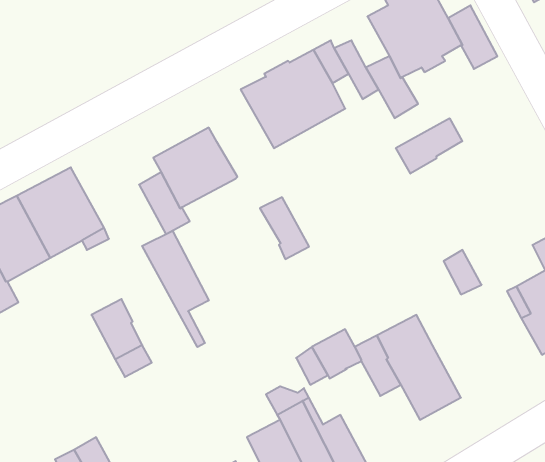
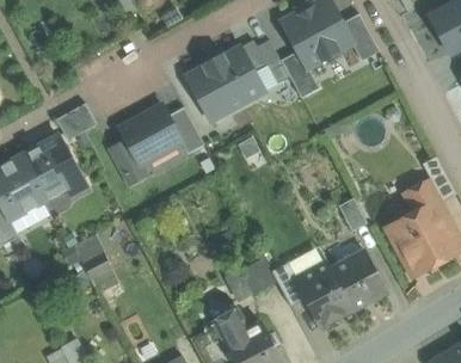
building: [396,118,462,174] -> none
building: none -> [55,103,97,140]
building: [260,197,309,259] -> [167,107,204,154]
building: [142,231,209,347] -> none
building: none -> [330,251,386,308]

